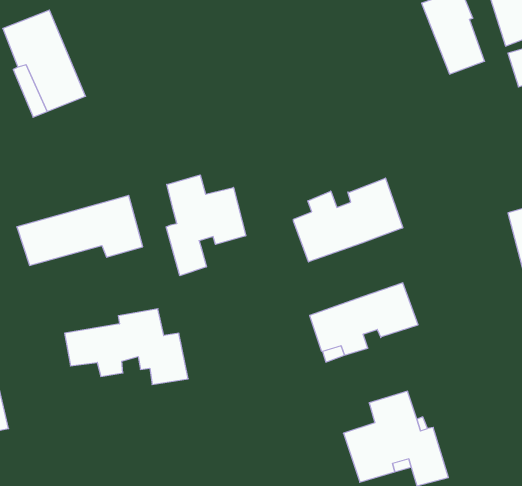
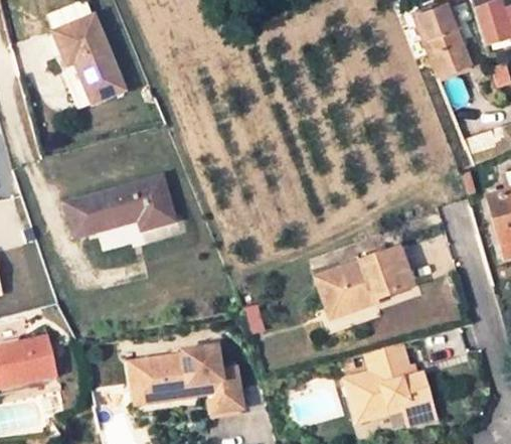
building: [166,175,246,276] -> none
building: [293,178,403,262] -> none
building: [65,309,188,385] -> [127,344,233,410]

